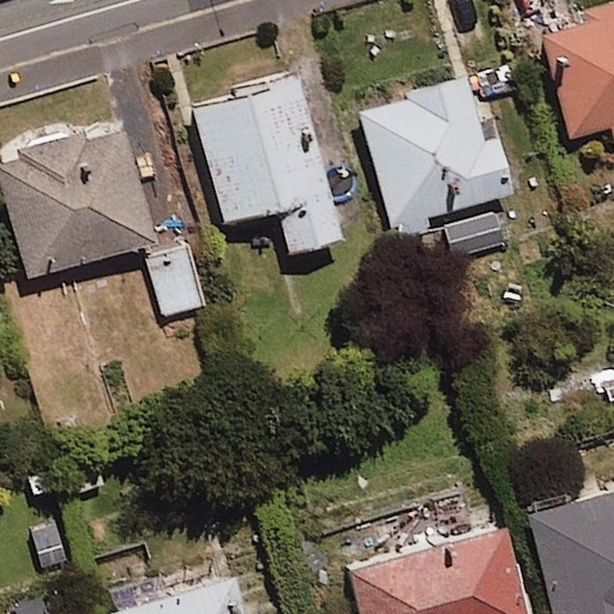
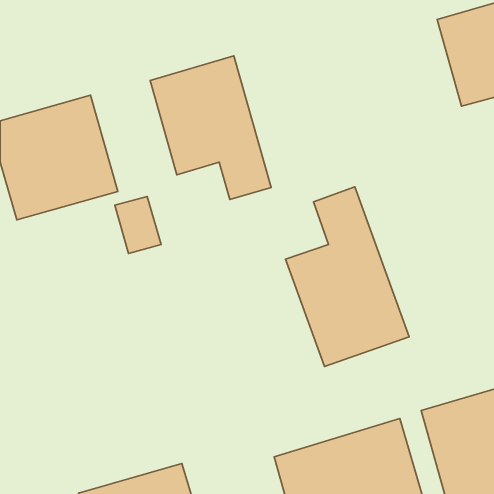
building: [355,78,517,265] -> none
building: none -> [286,187,409,366]

